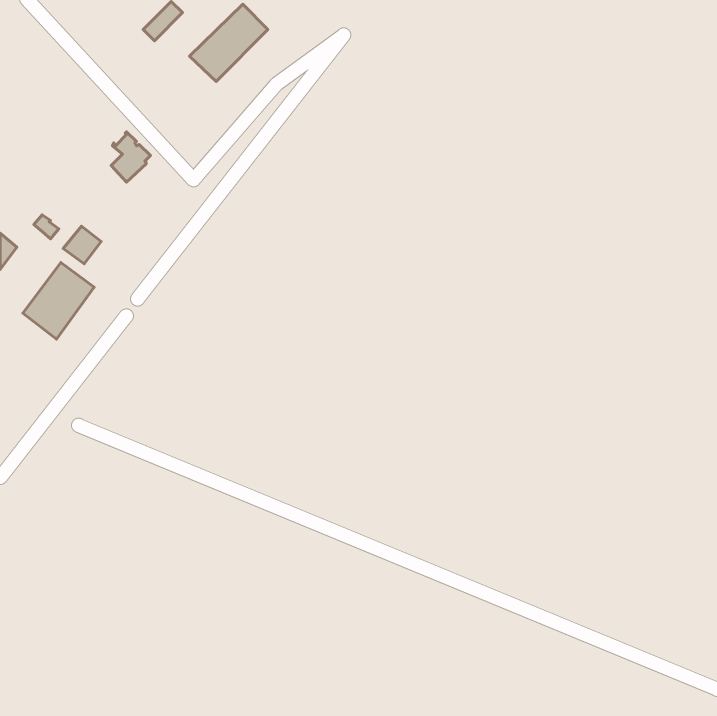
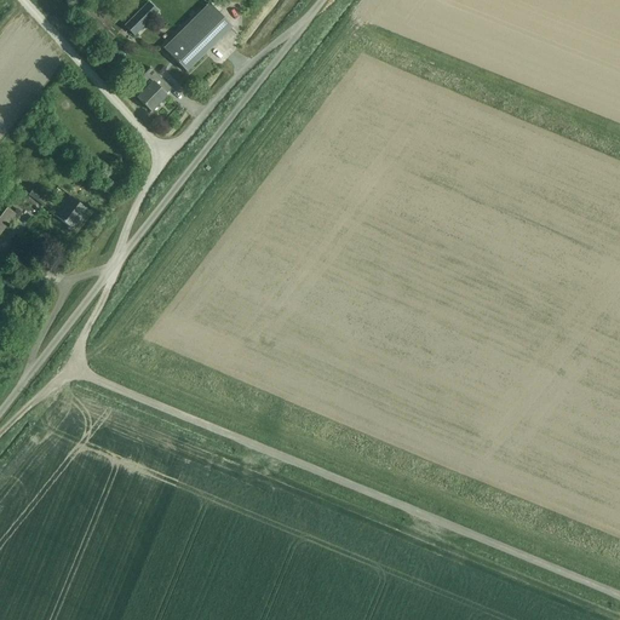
building: [111,132,150,182] -> [137,68,171,111]
building: [23,262,94,339] -> none

